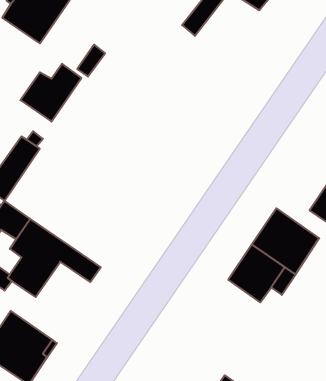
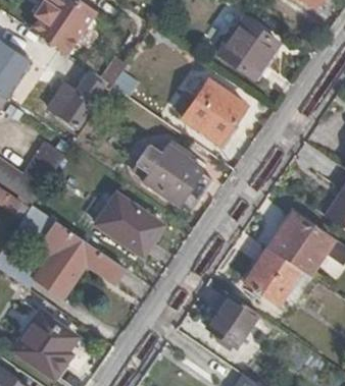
building: none -> [219,18,278,77]
building: none -> [184,81,245,143]
building: none -> [136,146,202,206]
building: none -> [96,195,162,256]
building: none -> [208,291,259,344]

